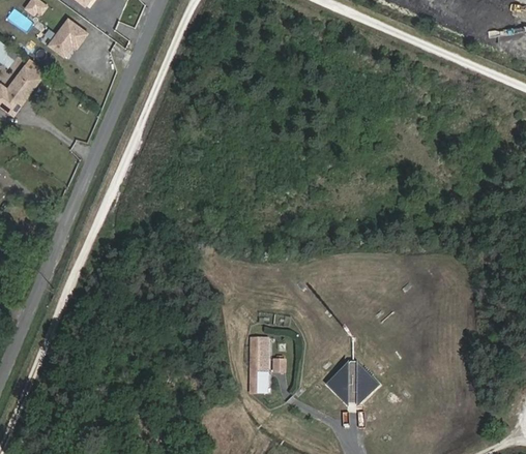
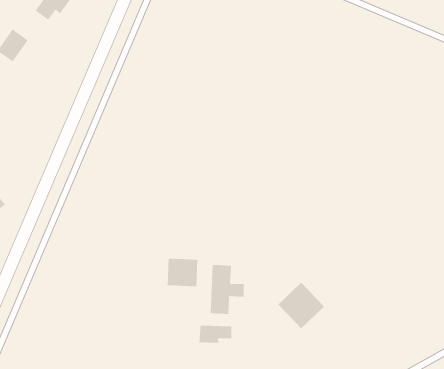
building: none -> [167,258,198,287]
building: none -> [199,325,232,344]

